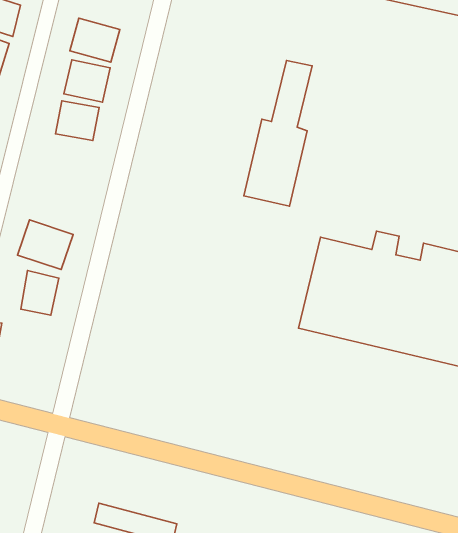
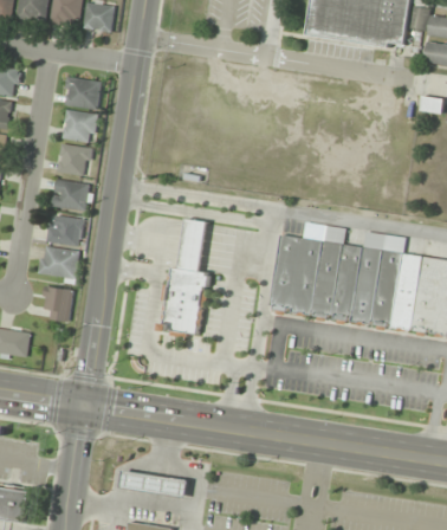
building: [244,61,312,206] -> [162,218,208,336]
building: none -> [52,179,91,212]
building: none -> [48,216,80,244]

